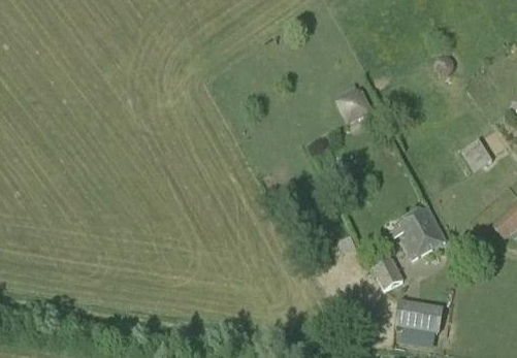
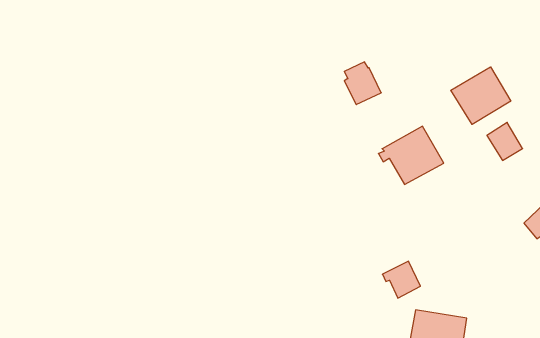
building: none -> [451,67,511,124]
building: [390,208,447,259] -> [378,126,444,184]

